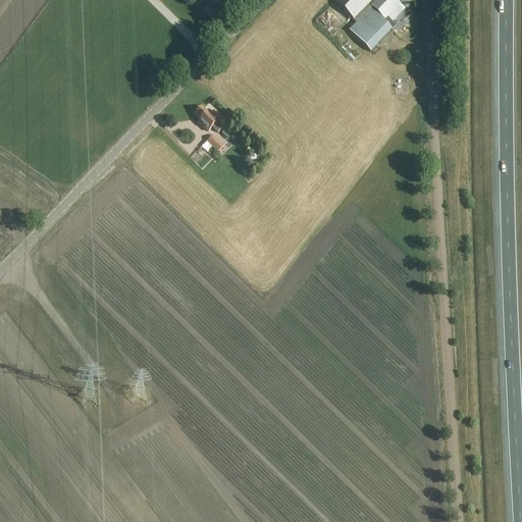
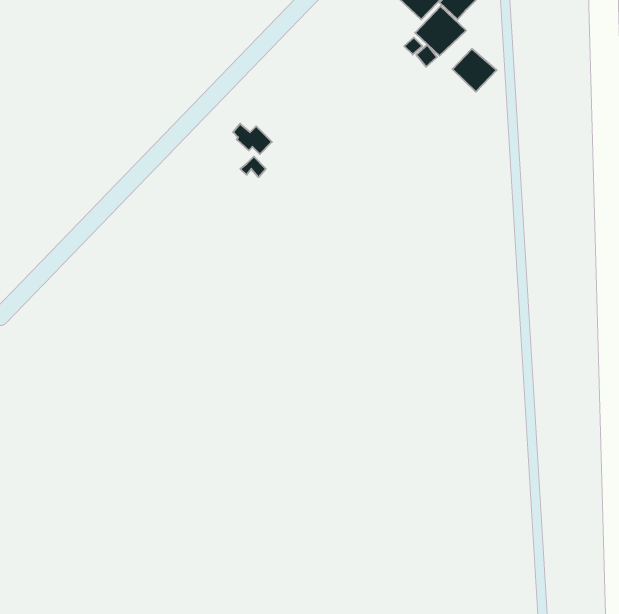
building: none -> [452,49,497,92]

